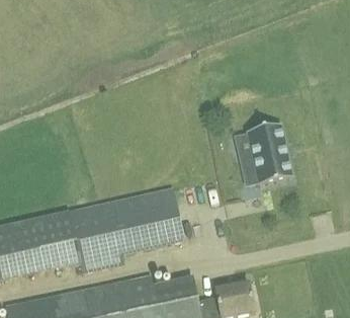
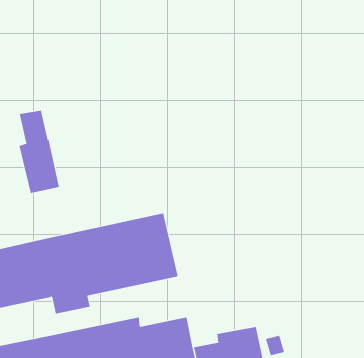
building: none -> [19,110,59,194]
building: [239,122,288,182] -> none

